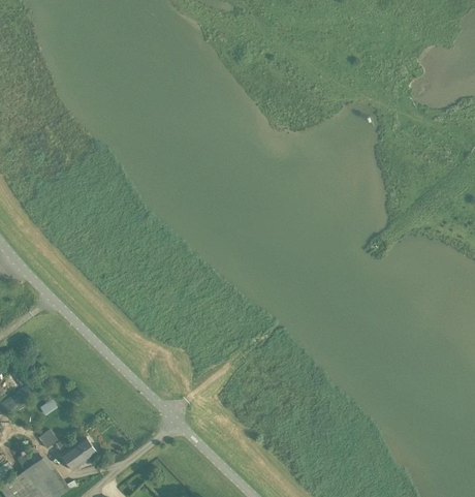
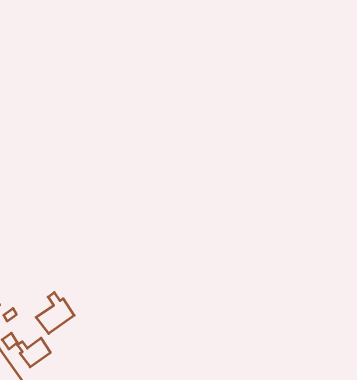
building: none -> [36,292,74,334]

